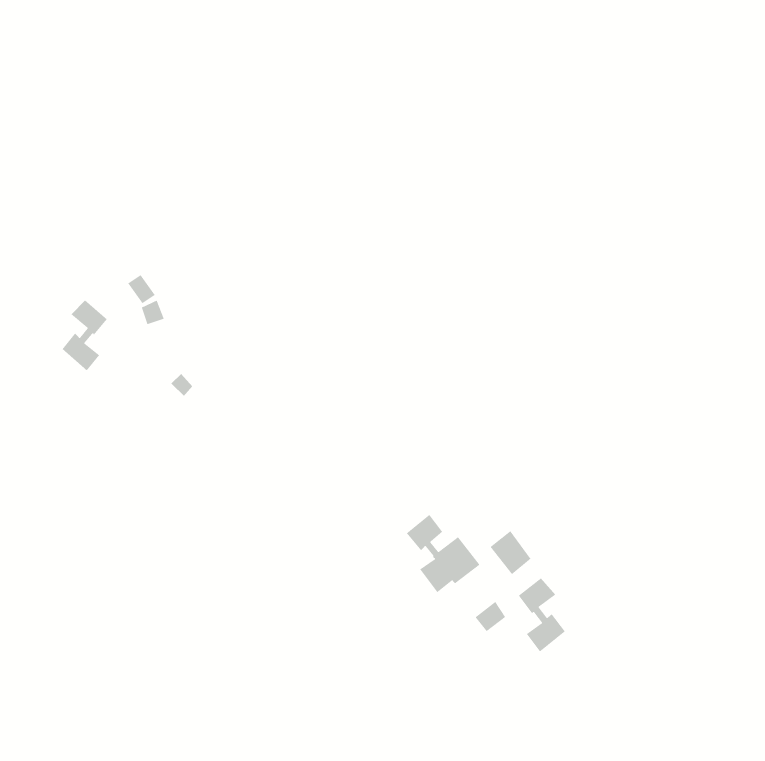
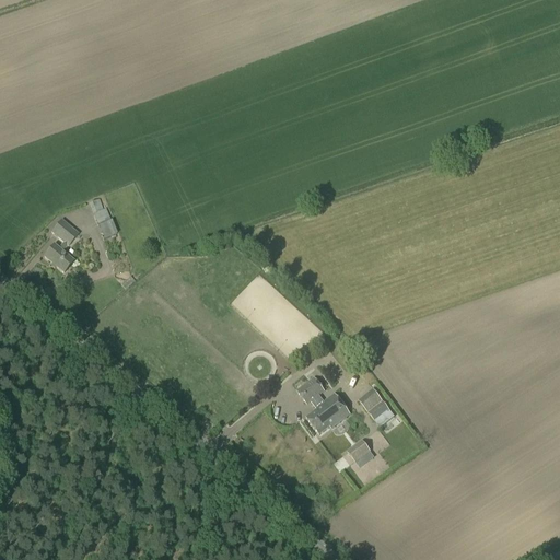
building: [518,577,566,653] -> none

